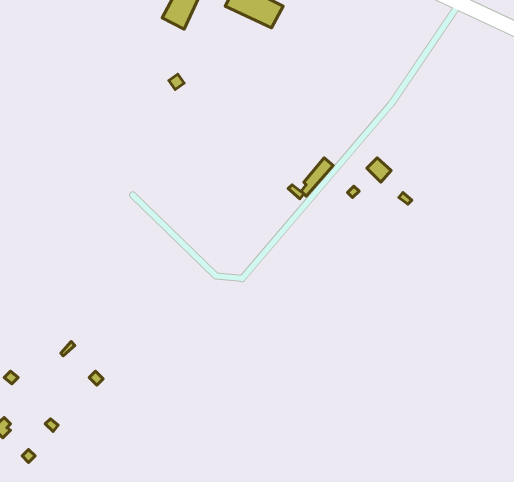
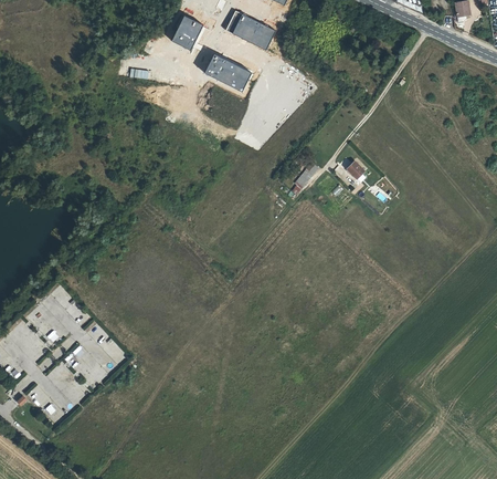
building: none -> [204,53,251,92]

